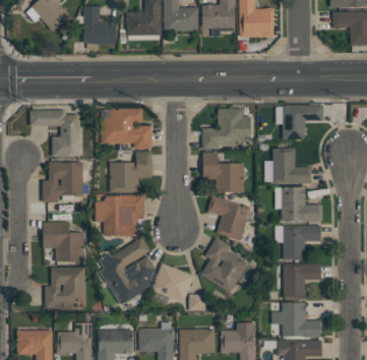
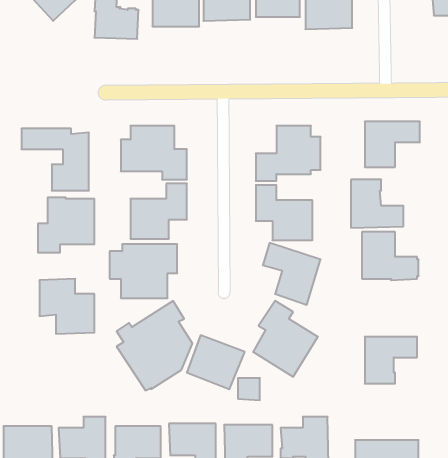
building: [283,226,321,260] -> none
building: [45,267,85,308] -> none
building: [283,303,322,338] -> none

